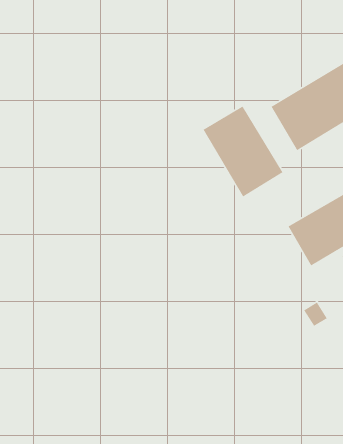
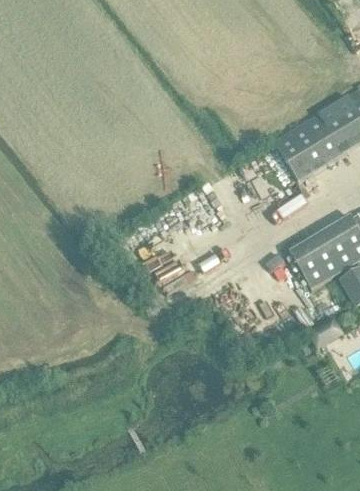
building: [202,106,284,198] -> none

